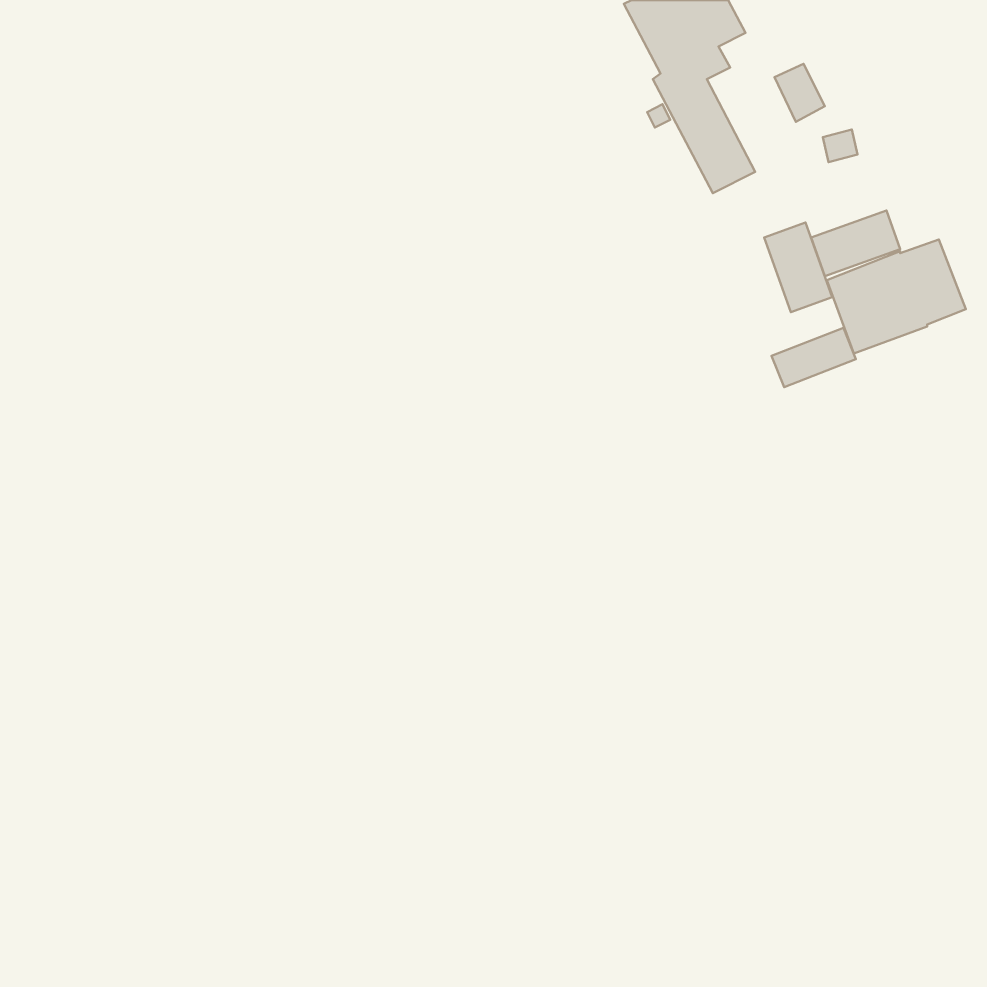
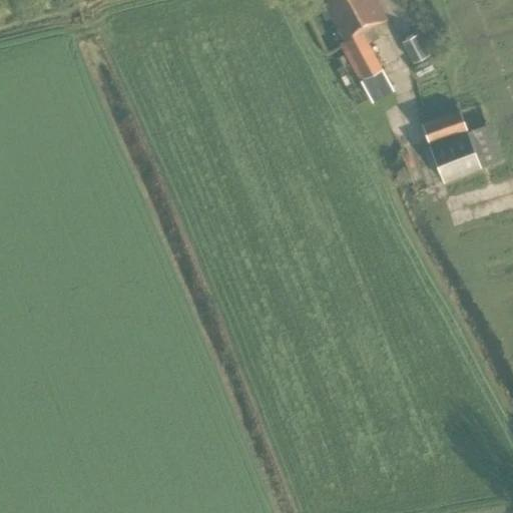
building: [764,222,832,312] -> none
building: [772,328,856,387] -> none

